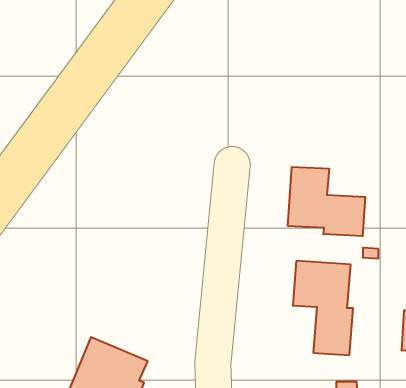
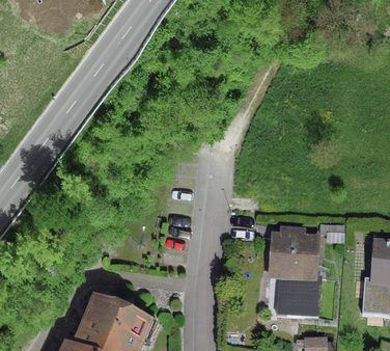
building: [288,167,365,236] -> none

